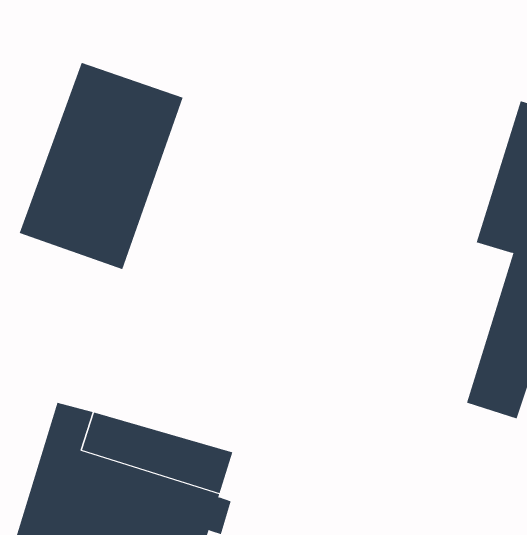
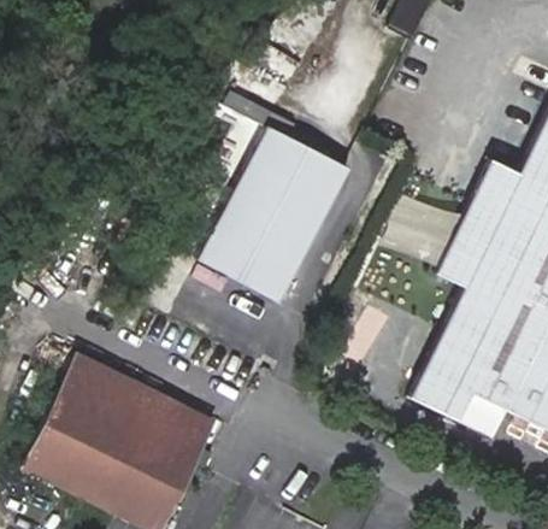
building: [19,62,184,270] -> [199,128,349,302]

